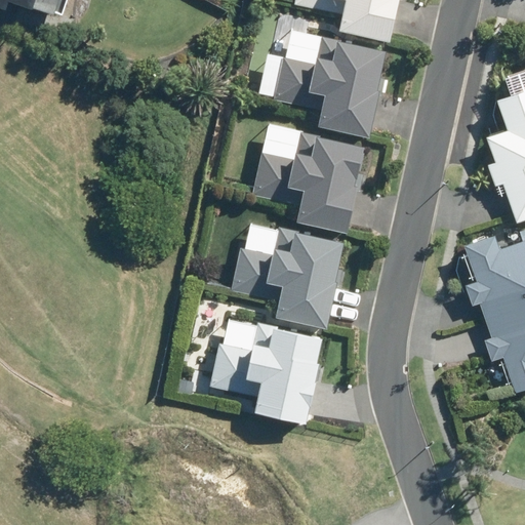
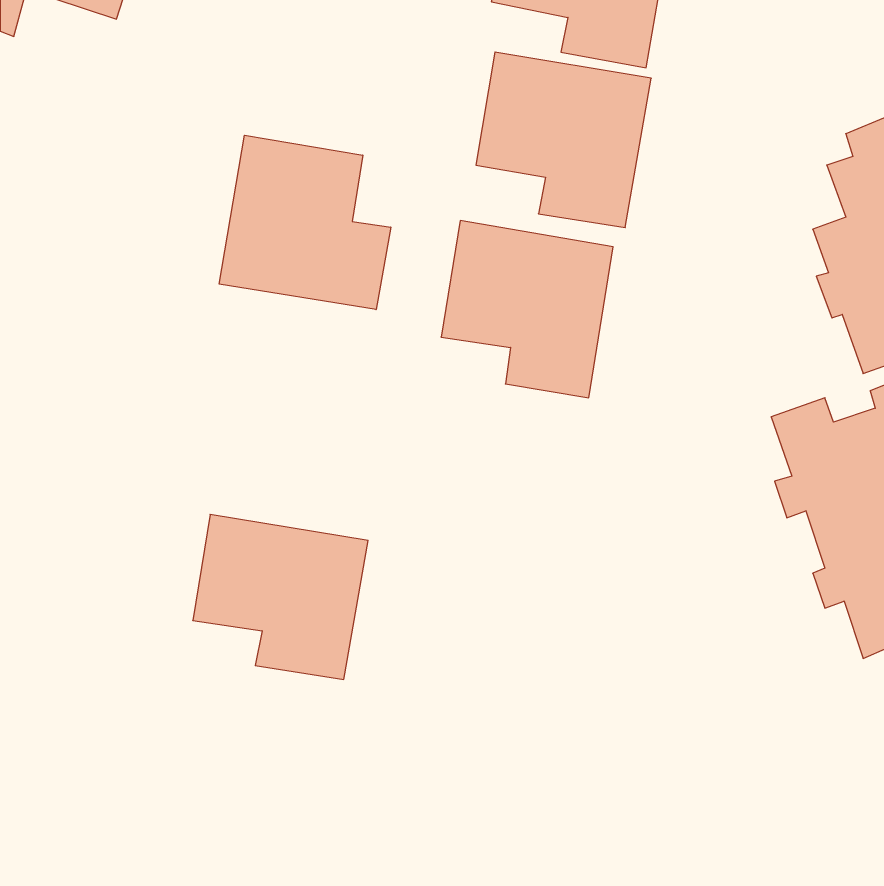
building: none -> [219,135,391,310]
building: [240,228,344,323] -> none
building: [216,323,320,420] -> [193,514,368,679]

